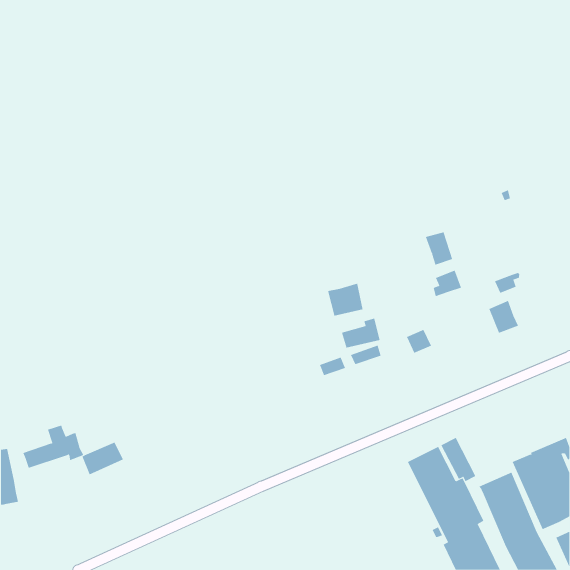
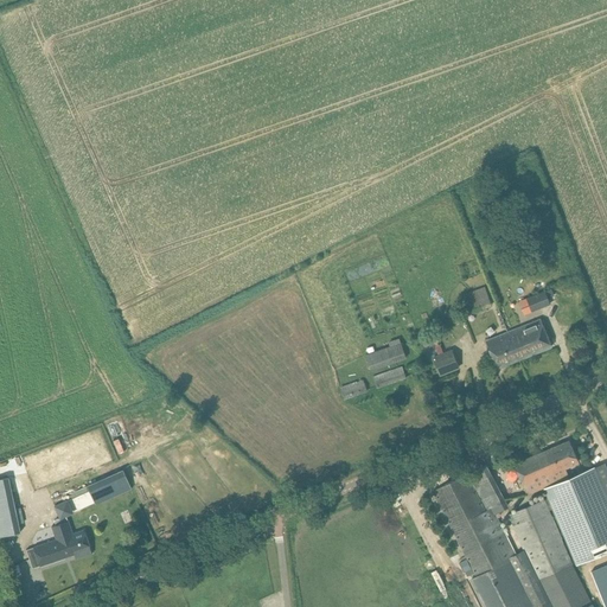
building: [425,231,453,266] -> none
building: [328,283,363,316] -> none
building: none -> [486,328,530,369]
building: none -> [515,441,579,494]
building: [23,425,84,468] -> [26,522,91,568]

